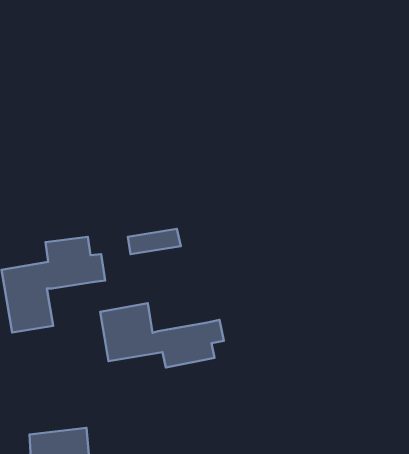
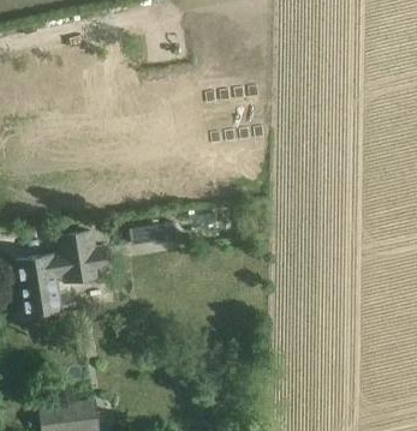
building: [100,303,224,368] -> none

